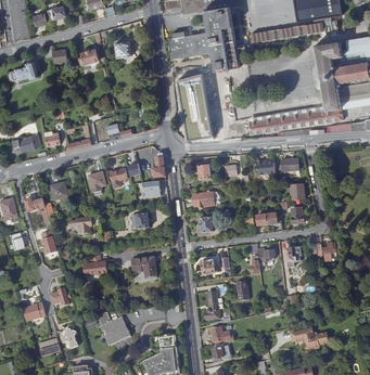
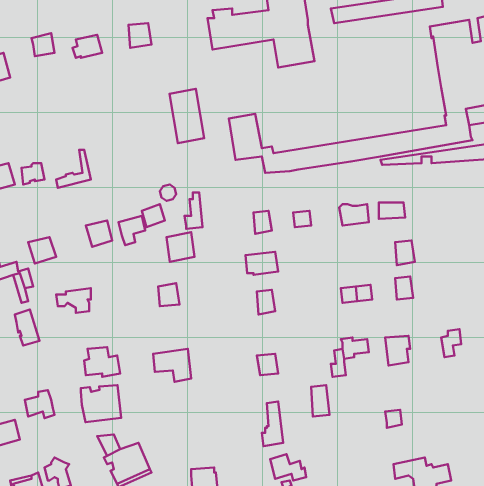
building: [177,68,200,104] -> [170,89,204,143]
building: none -> [81,385,121,422]

